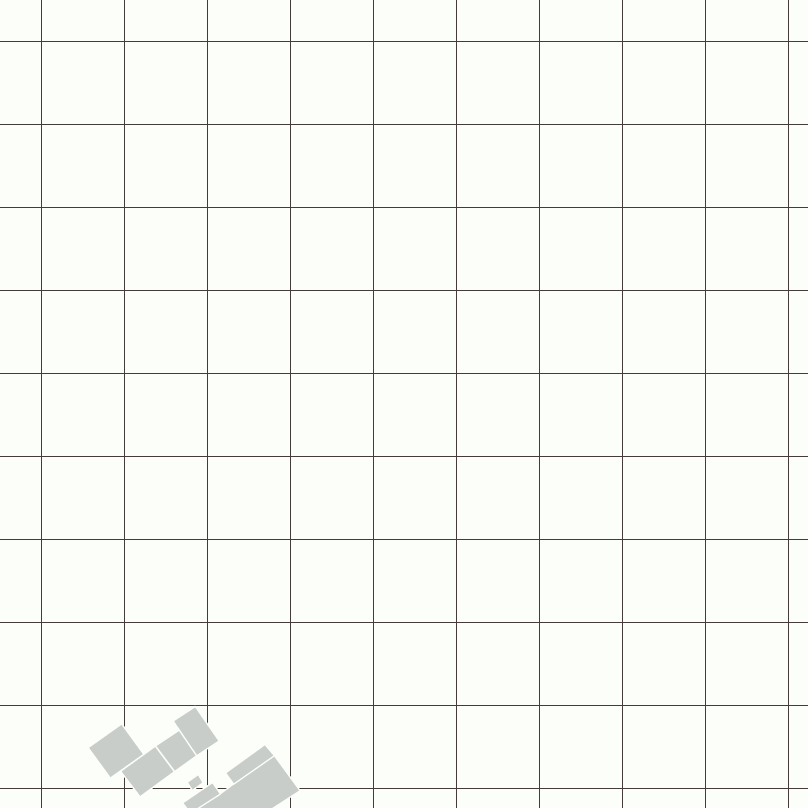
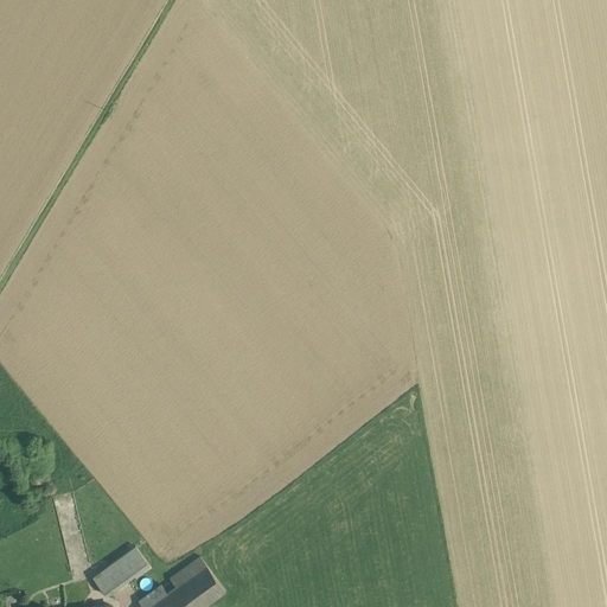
building: [173,706,219,756] -> none
building: [88,724,144,778] -> none

